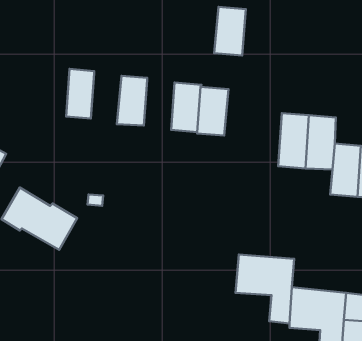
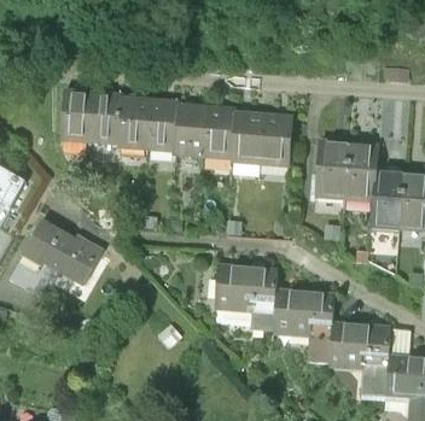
building: [214,7,246,56] -> [260,113,293,165]
building: none -> [63,89,94,142]
building: none -> [116,97,150,151]
building: none -> [174,104,206,157]
building: none -> [217,265,276,331]

